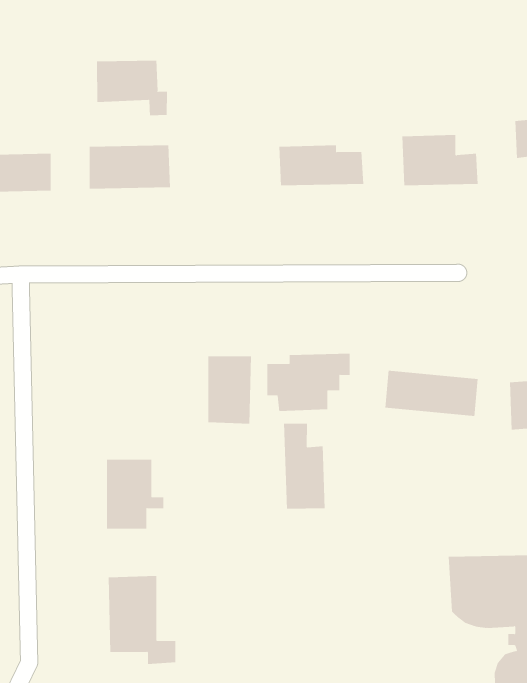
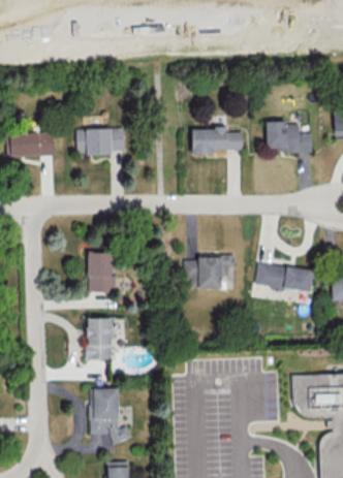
building: [96,60,168,116] -> none
building: [207,356,252,424] -> [88,252,115,293]
building: [283,423,325,510] -> none

